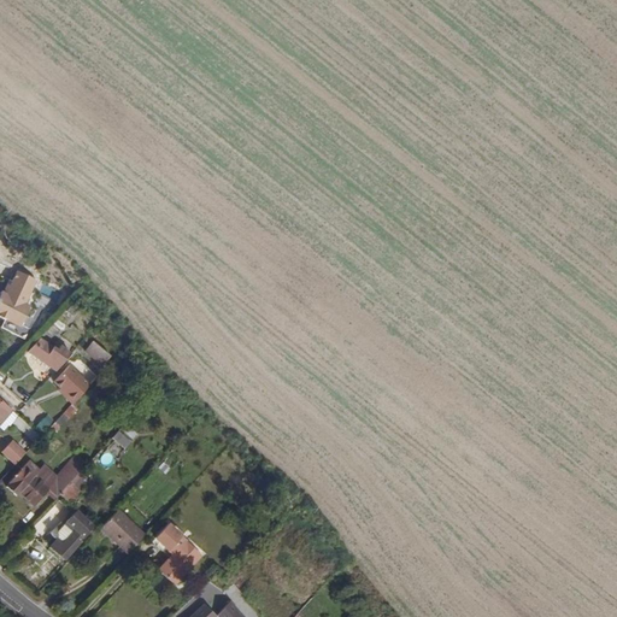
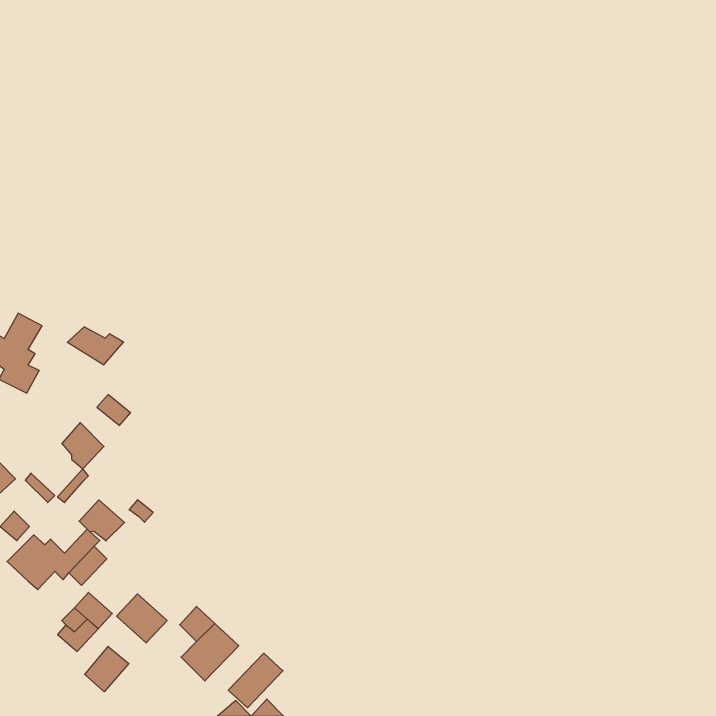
building: [25,337,74,370] -> [67,327,124,365]
building: none -> [79,500,125,541]
building: none -> [85,646,129,692]
building: none -> [228,653,283,708]

